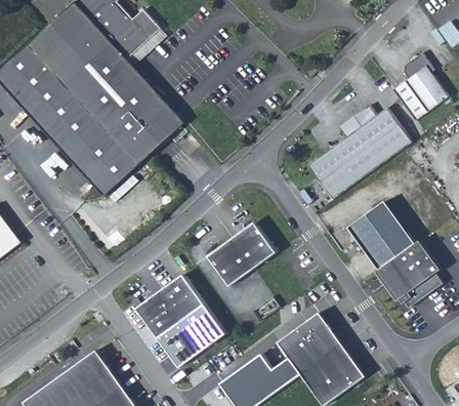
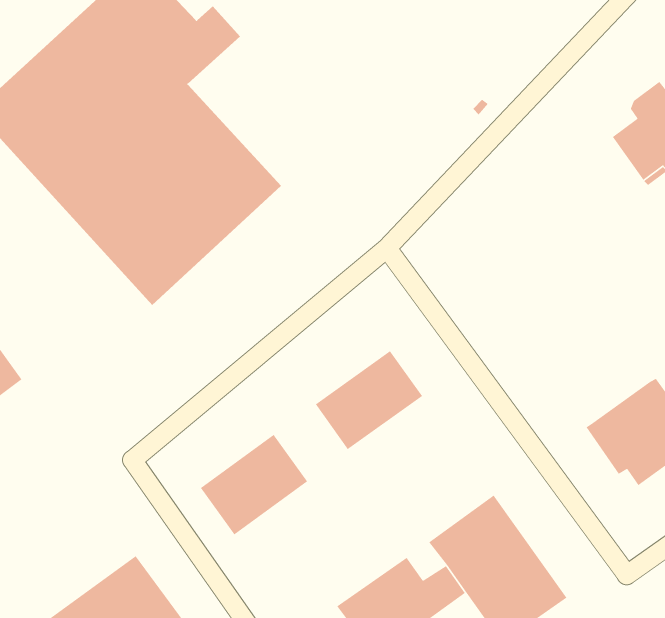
building: [309,105,411,197] -> none
building: [349,201,416,269] -> none
building: [157,304,224,368] -> none

